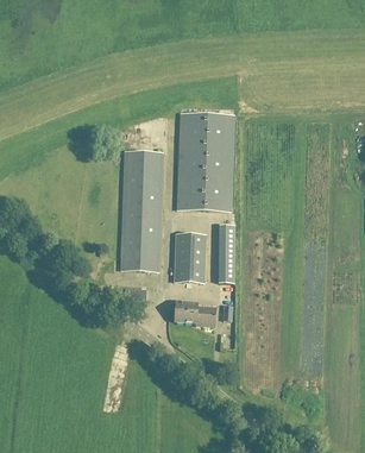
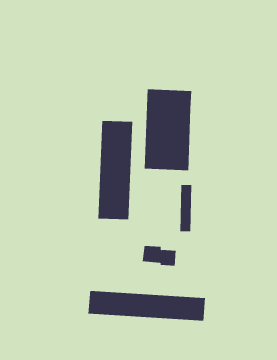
building: [175,226,202,285] -> none
building: none -> [88,290,206,321]

